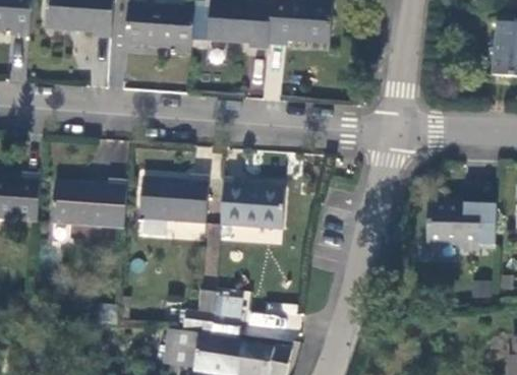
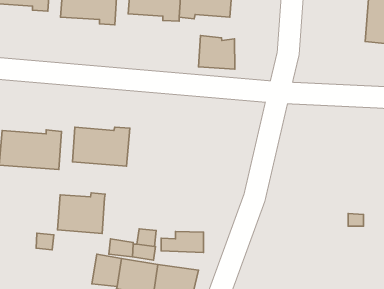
building: none -> [198,35,235,69]
building: [220,179,284,230] -> none
building: [423,196,495,246] -> none
building: none -> [58,193,105,233]

